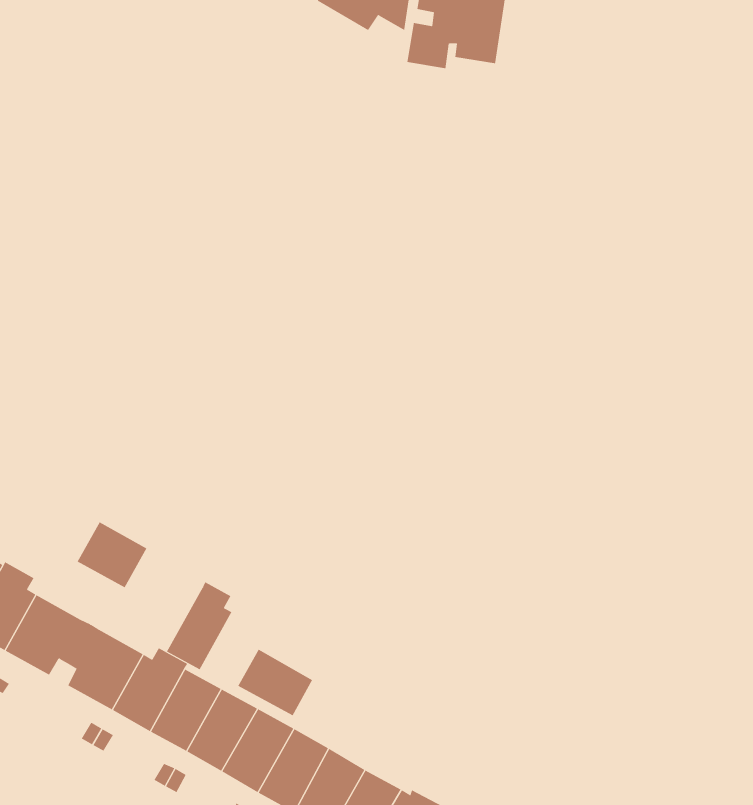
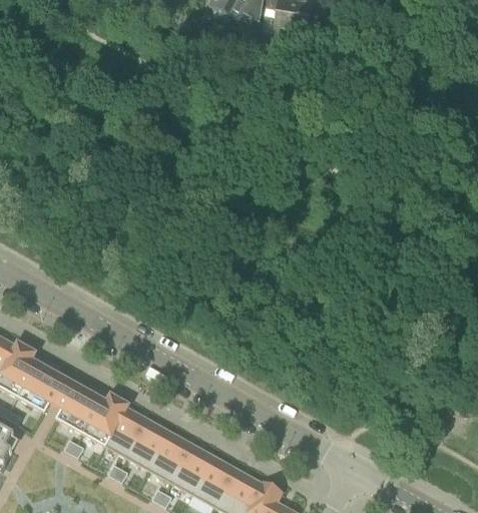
building: [77,522,147,588] -> none
building: [166,581,232,670] -> none
building: [238,649,313,716] -> none

